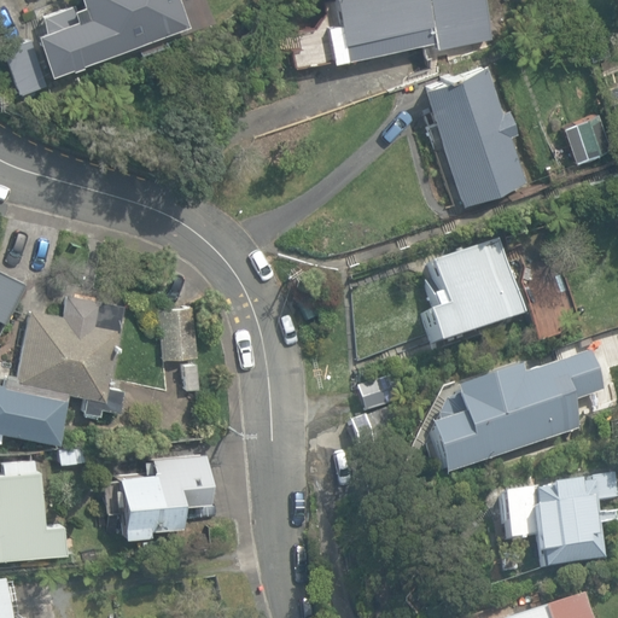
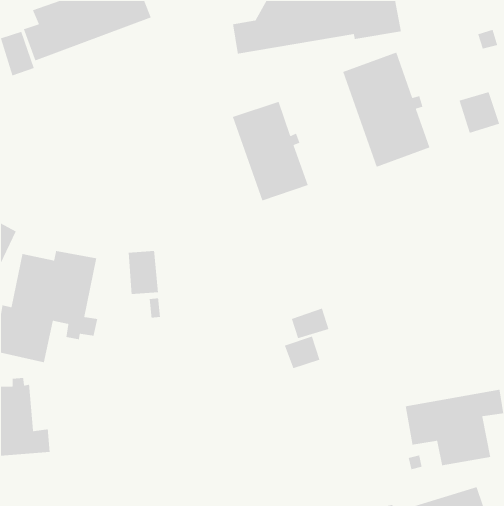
building: none -> [232,101,309,201]
building: [424,240,524,345] -> none
building: [424,352,602,477] -> none
building: [103,443,210,541] -> none

